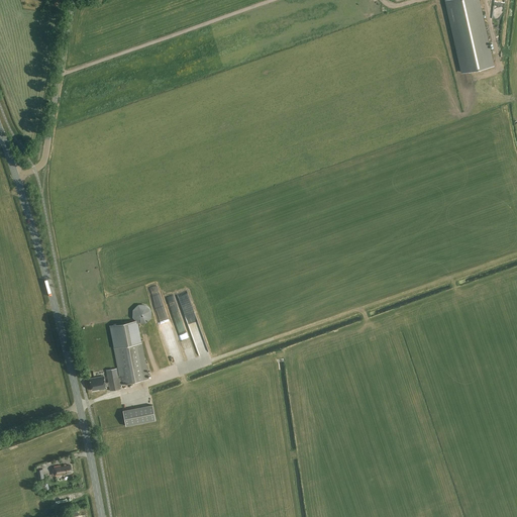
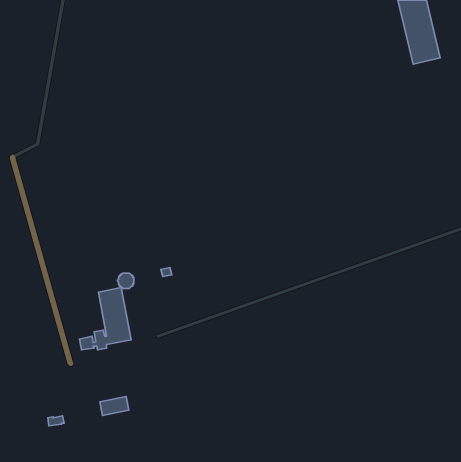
building: [122,405,154,426] -> [100,397,129,416]

